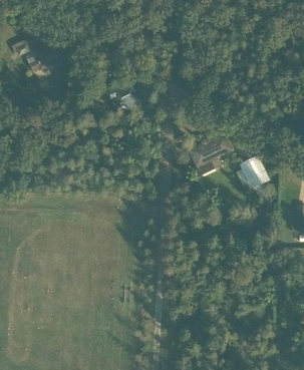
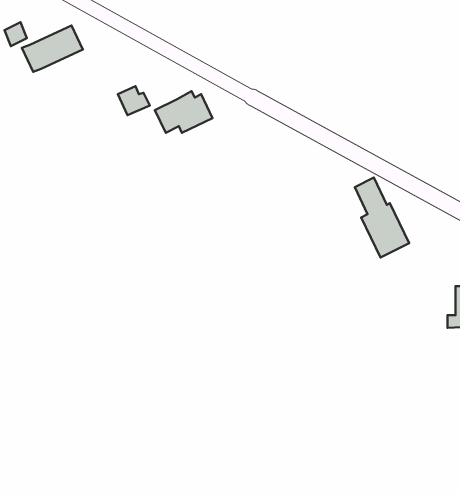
building: [190,133,230,173] -> none

